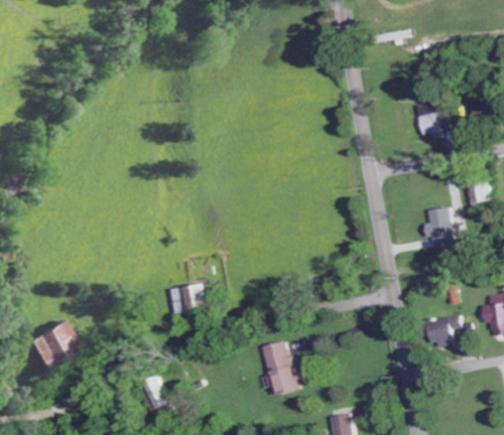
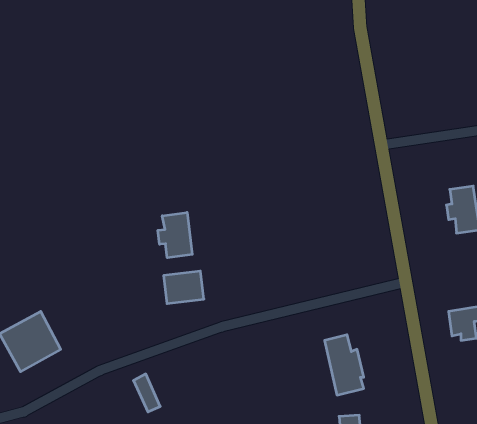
building: [418,101,450,137] -> none
building: none -> [158,212,192,258]
building: [263,340,298,395] -> [325,335,364,395]

